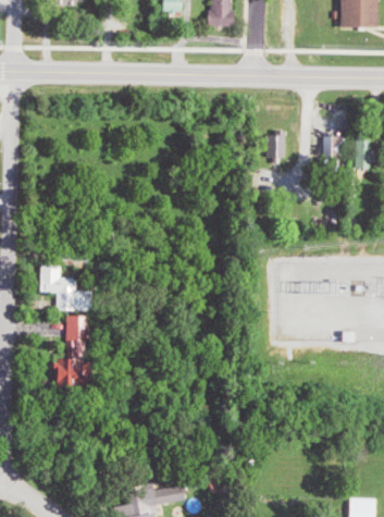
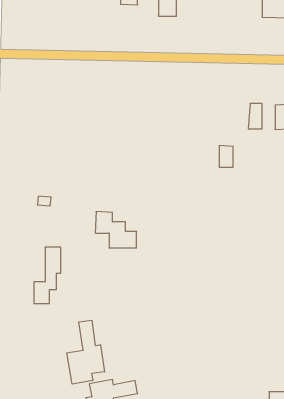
building: [268,132,285,159] -> [219,146,233,167]
building: [39,264,91,310] -> [95,212,137,248]
building: none -> [67,320,105,384]

